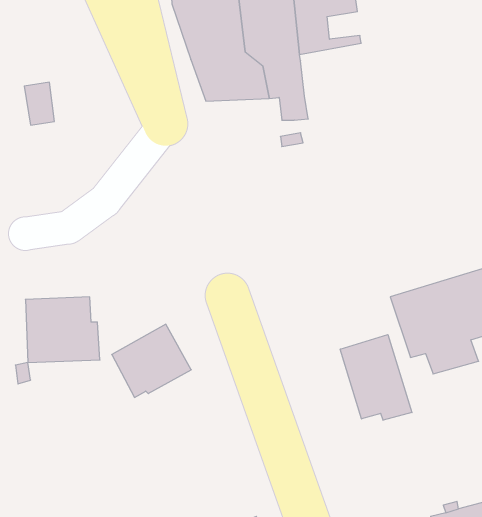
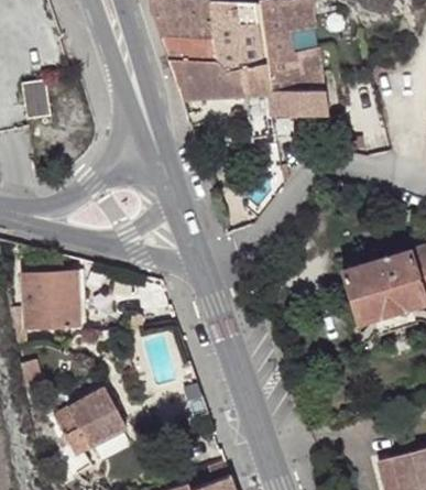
building: none -> [262,48,326,117]
building: [112,324,191,397] -> [58,386,128,450]
building: [340,335,412,420] -> none

